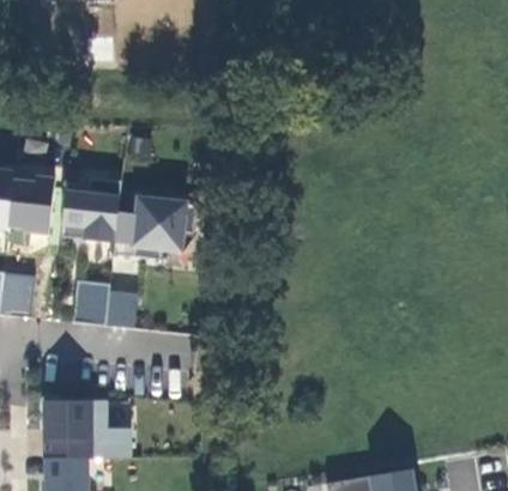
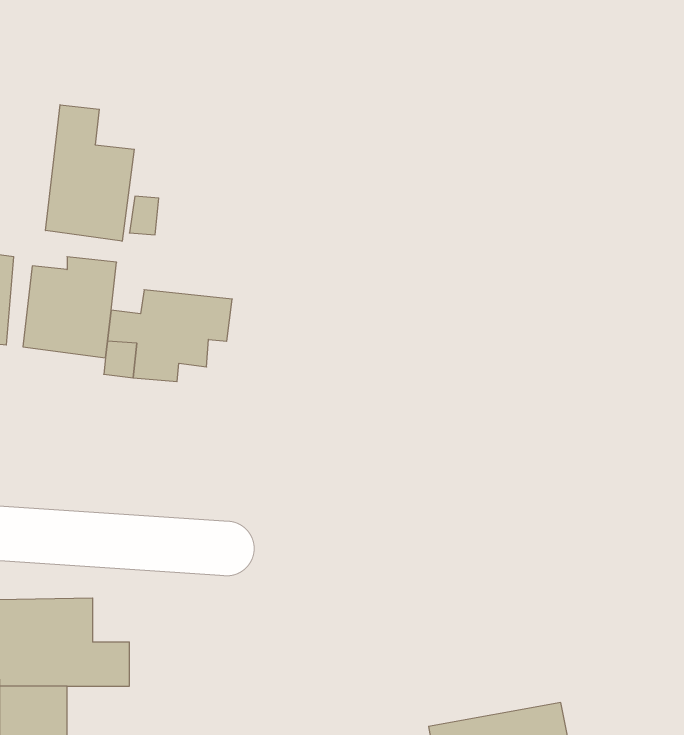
building: none -> [46,105,134,241]
building: [73,283,138,326] -> none

